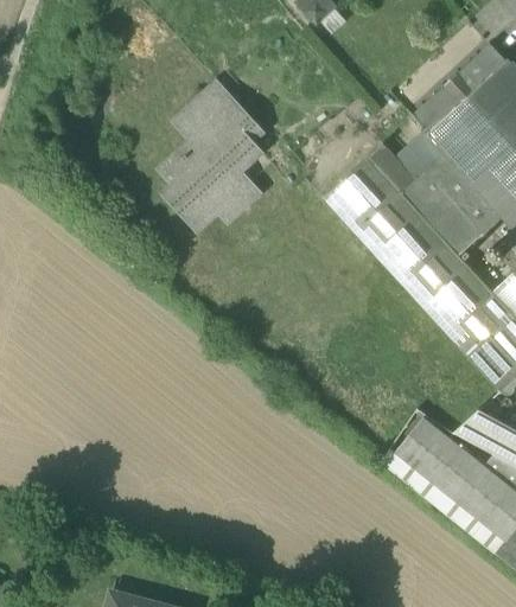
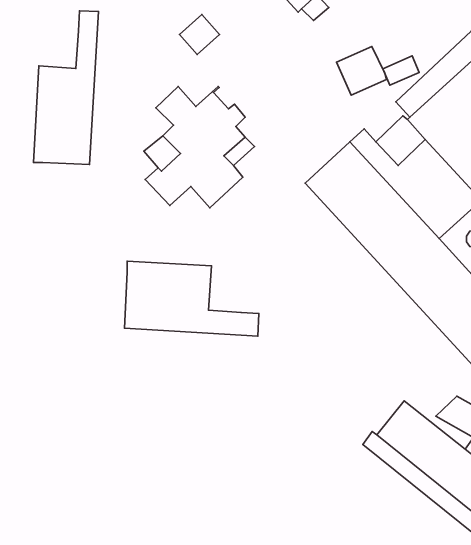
building: none -> [33,11,99,164]
building: none -> [337,47,386,95]
building: [196,81,236,121] -> [179,14,219,55]
building: none -> [124,261,259,336]

